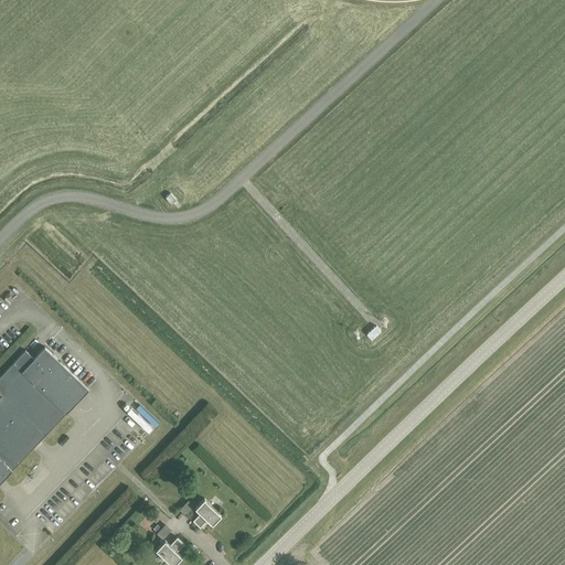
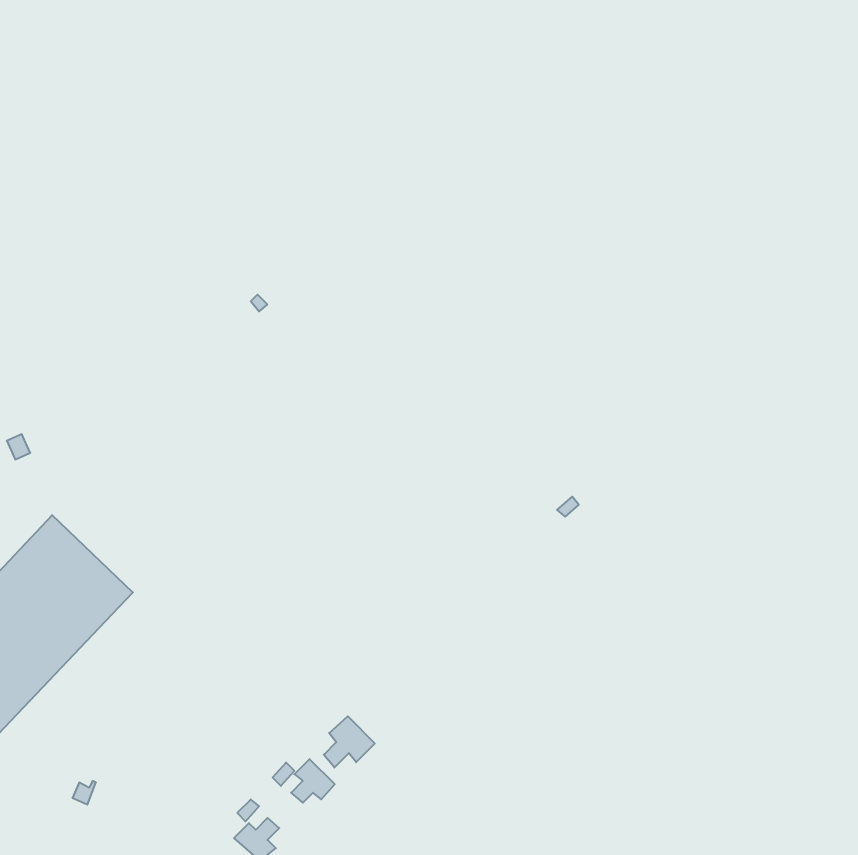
building: none -> [324,716,375,768]

